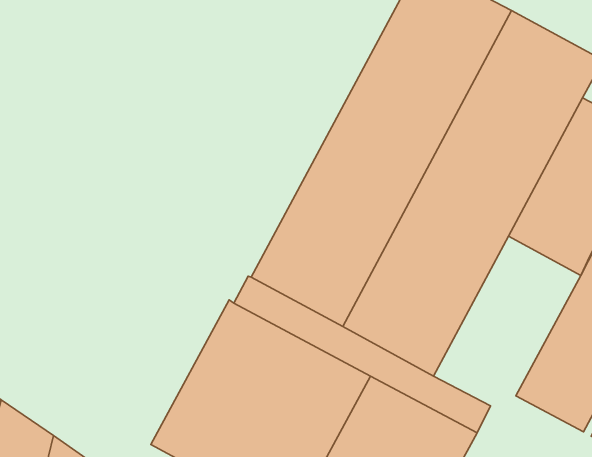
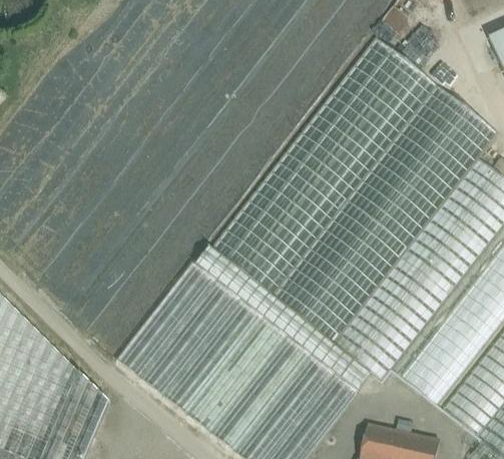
building: none -> [333,251,454,381]

